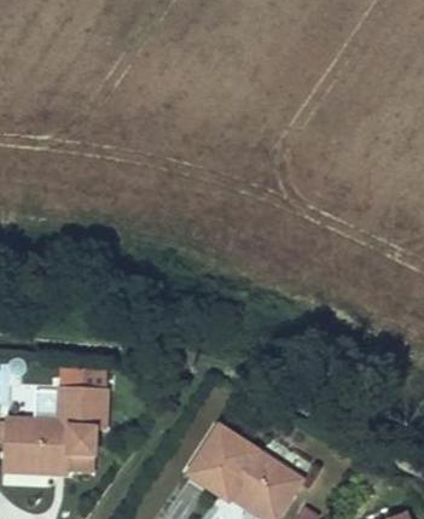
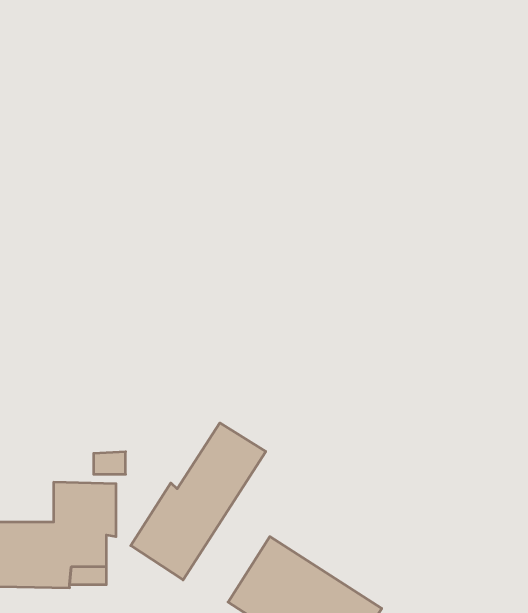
building: none -> [131,423,266,580]

